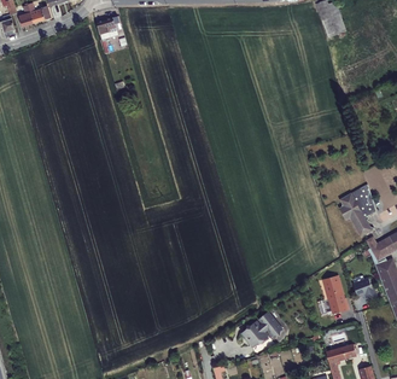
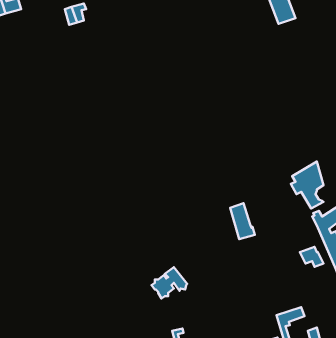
building: [321,274,348,313] -> [230,203,255,239]
building: [241,314,280,348] -> [151,267,187,299]

